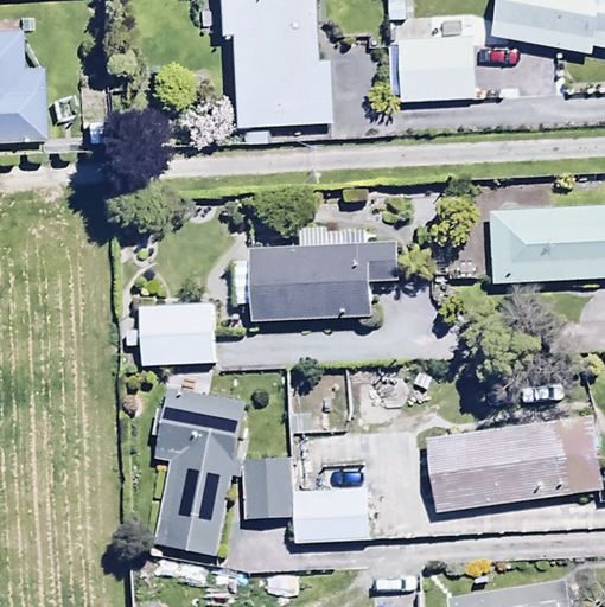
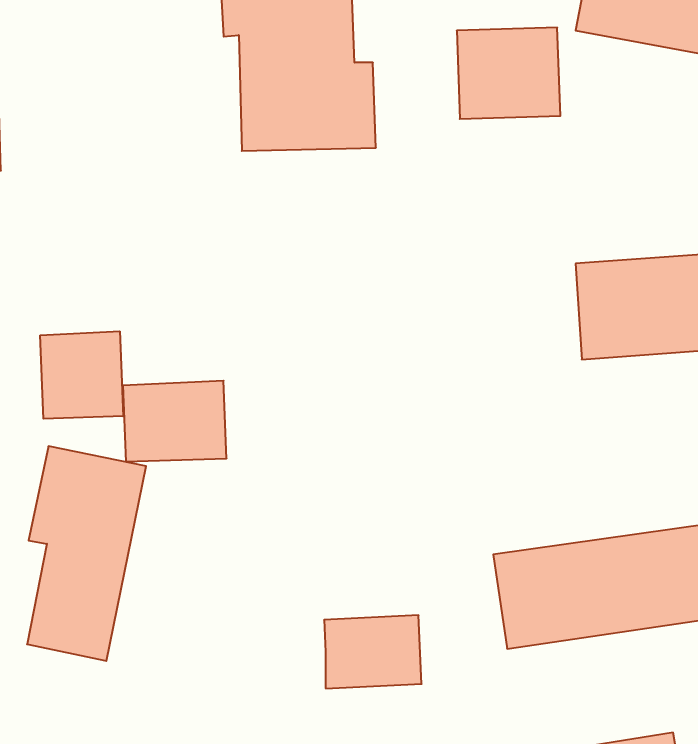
building: [248,224,400,322] -> none
building: none -> [40,331,123,419]
building: [152,386,244,554] -> [27,446,146,661]
building: [243,456,294,517] -> none

